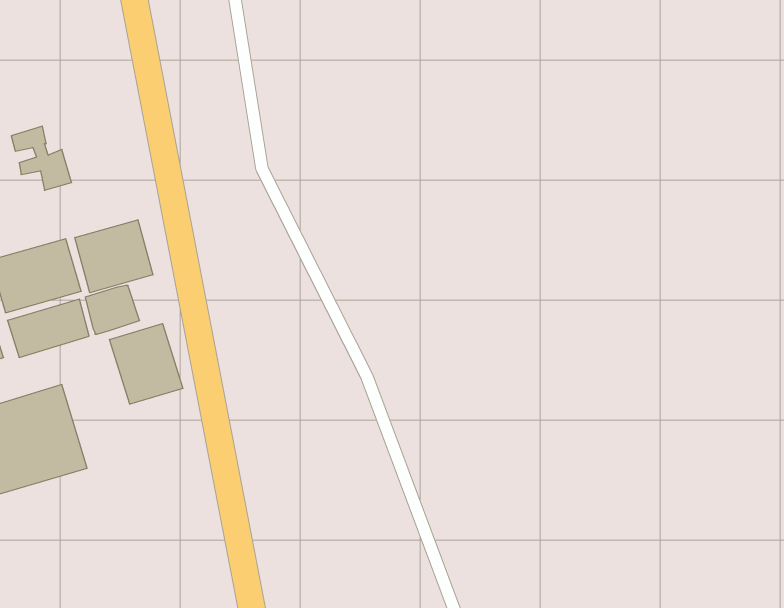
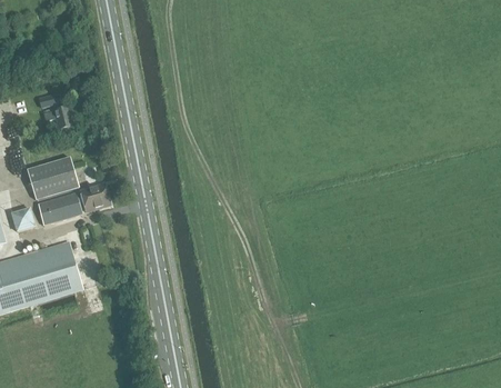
building: [75,220,153,293] -> none
building: [110,324,183,404] -> none

